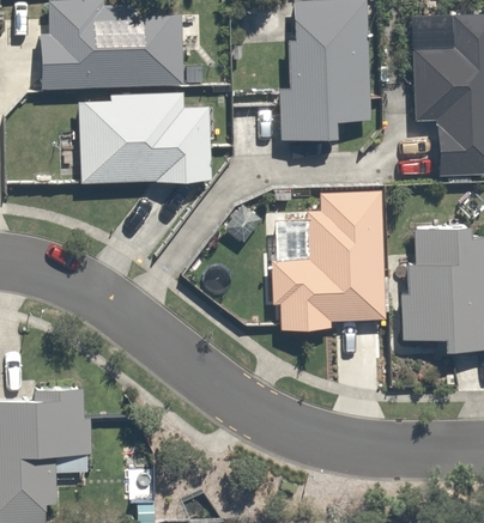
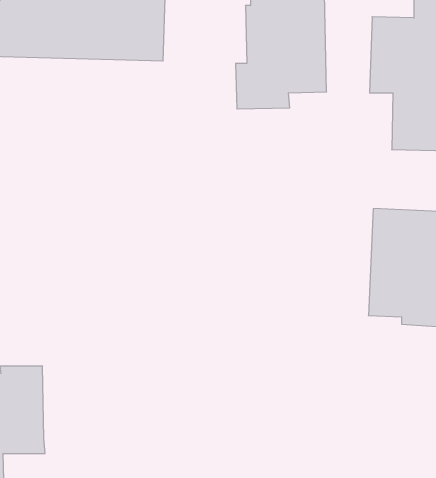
building: [78,99,213,184] -> none
building: [272,194,387,329] -> none

